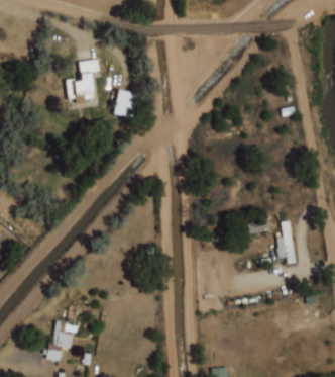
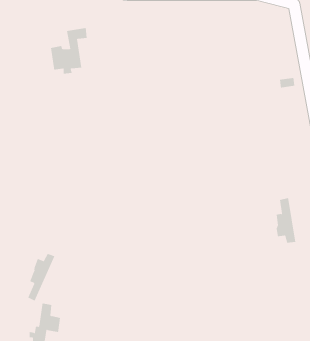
building: [111,90,134,118] -> none
building: none -> [28,253,55,302]

